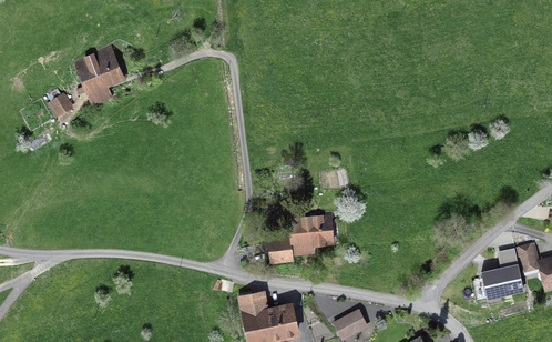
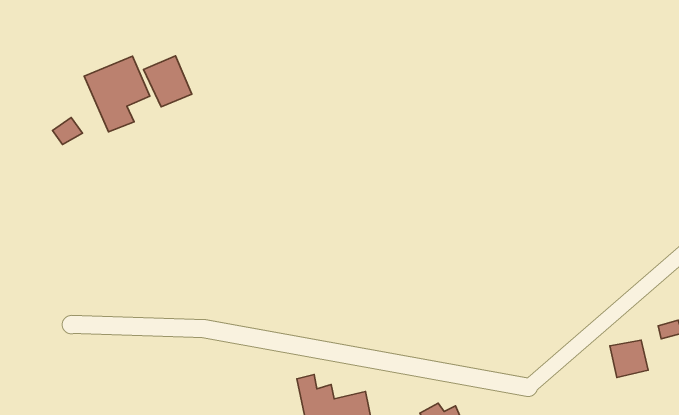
building: none -> [143,56,192,107]
building: [268,219,334,262] -> none

